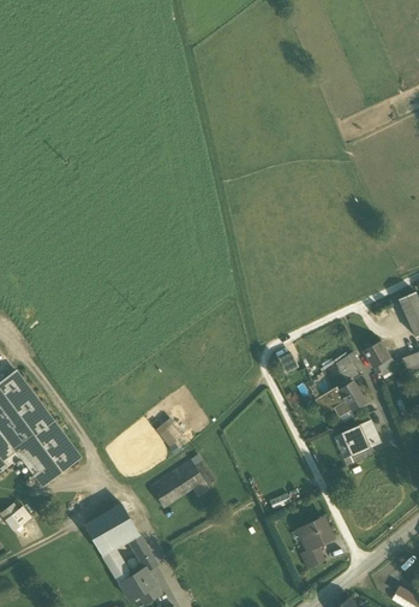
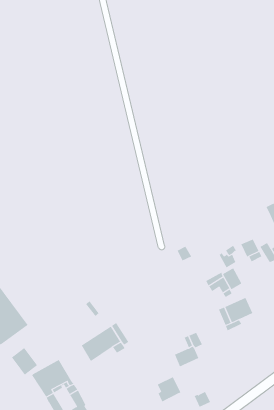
building: none -> [11,347,38,375]
building: [301,516,334,551] -> [157,376,181,402]

